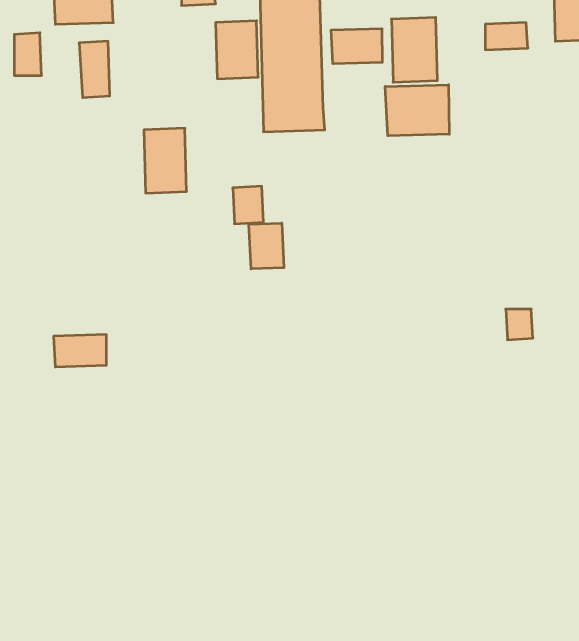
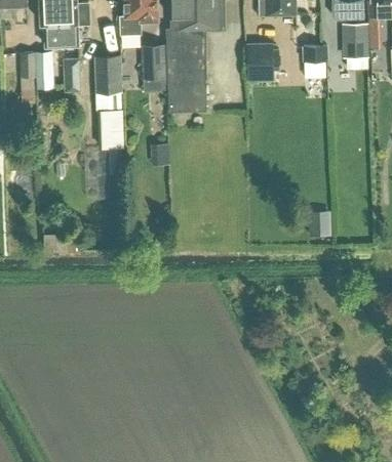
building: [331,29,382,64] -> none
building: none -> [35,52,53,90]
building: none -> [94,55,121,93]
building: [385,85,449,136] -> none
building: [249,223,284,269] -> none

